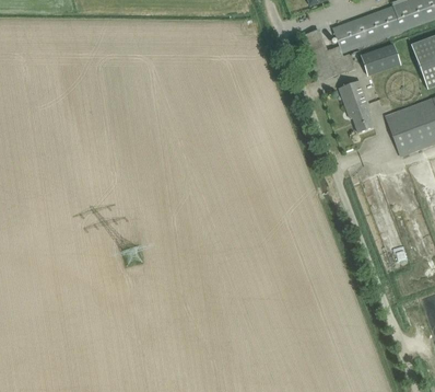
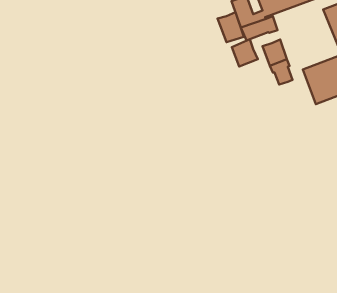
building: [360,45,400,76] -> none
building: none -> [218,12,244,42]
building: none -> [232,39,258,66]

